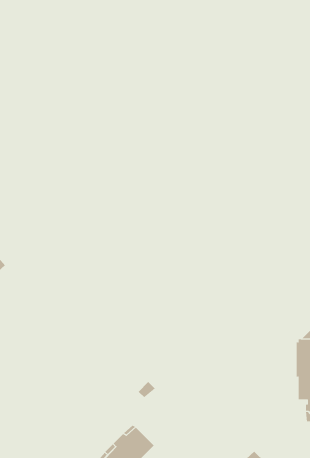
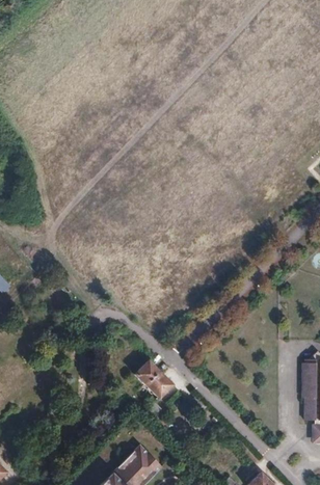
building: none -> [135,360,174,399]

